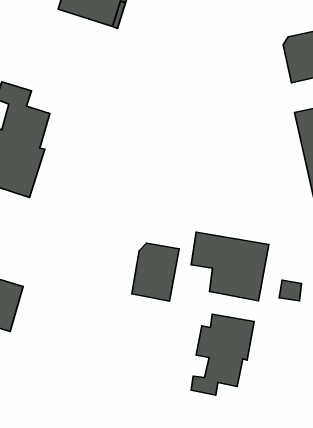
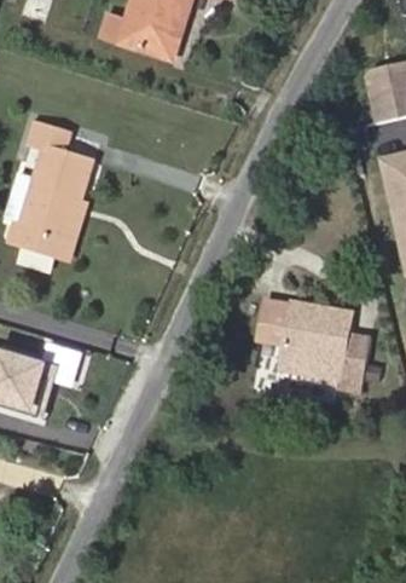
building: [132,243,179,301] -> none
building: [191,314,254,395] -> none

